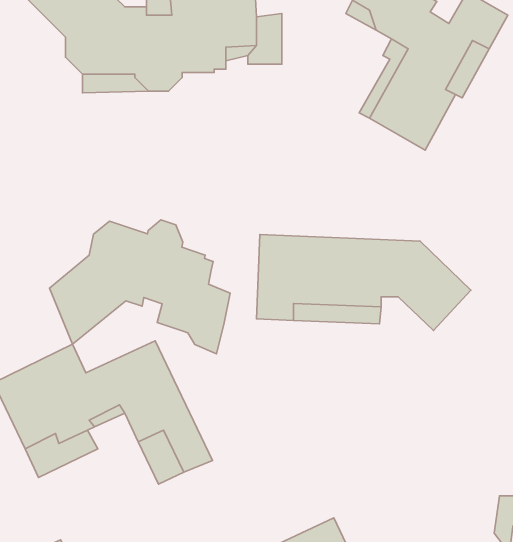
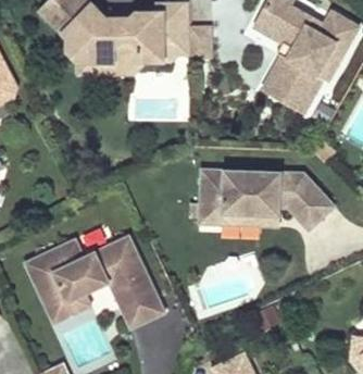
building: [50,220,230,354] -> none

